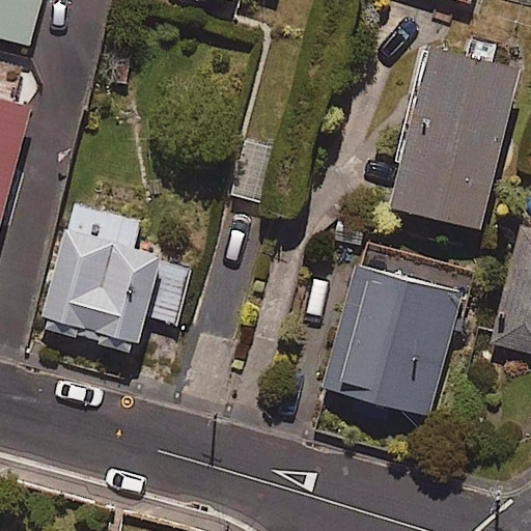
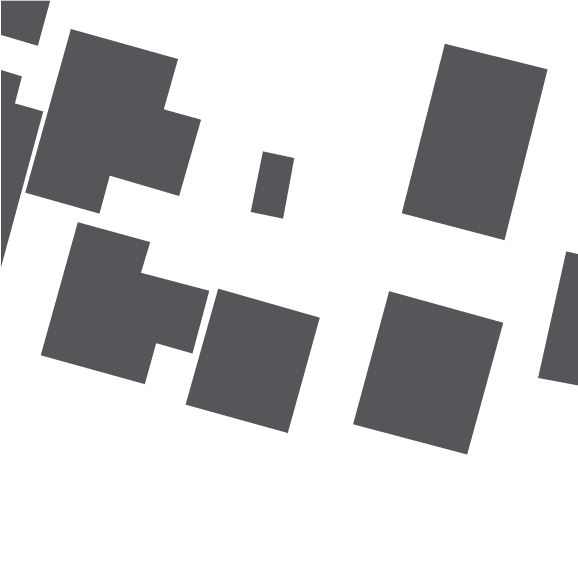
building: none -> [25,28,202,215]
building: none -> [185,288,320,434]

